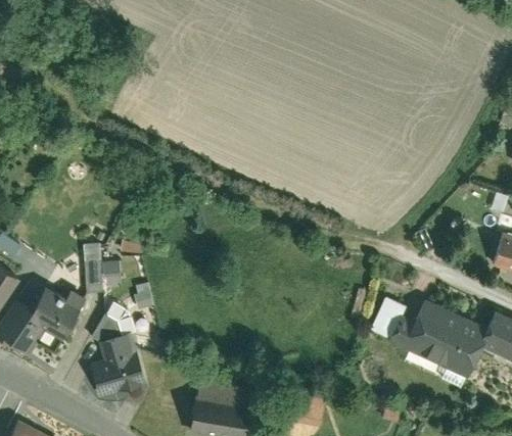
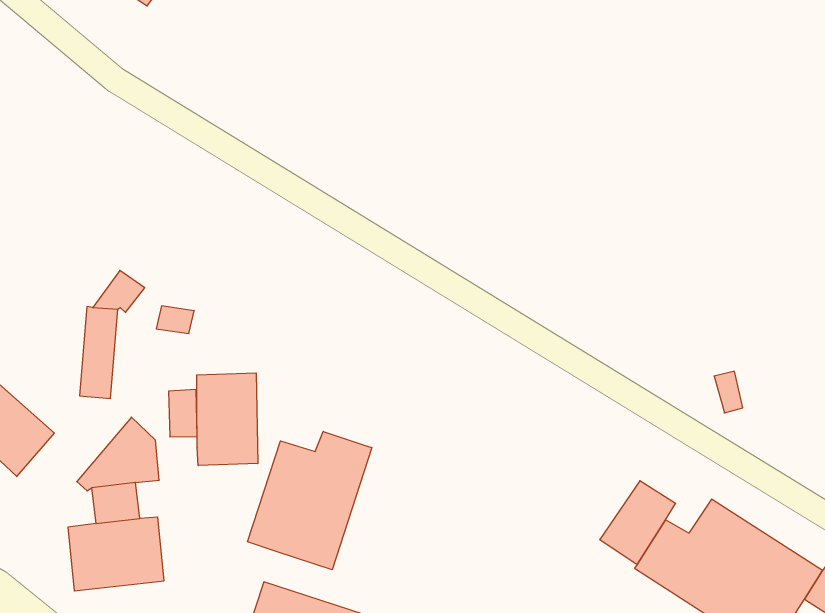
building: none -> [197,373,258,466]
building: none -> [248,431,372,570]

